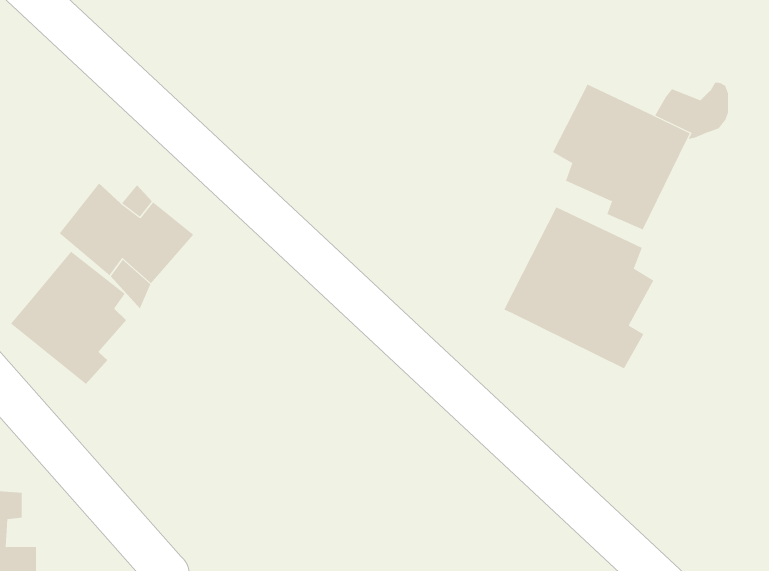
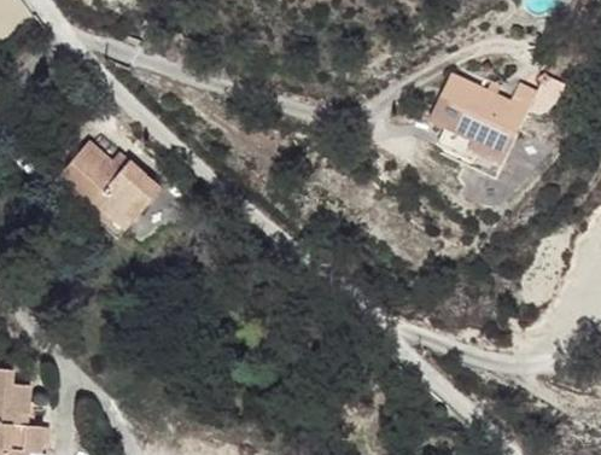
building: [503,206,654,369] -> none
building: [10,251,127,385] -> none

